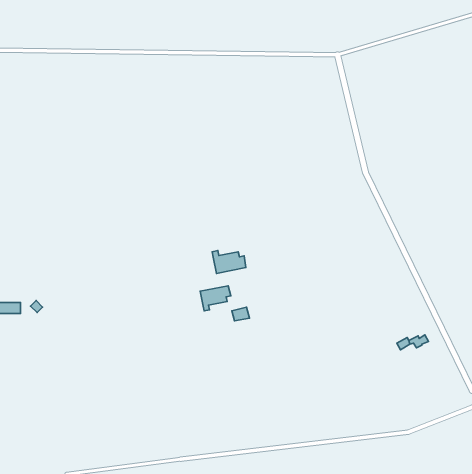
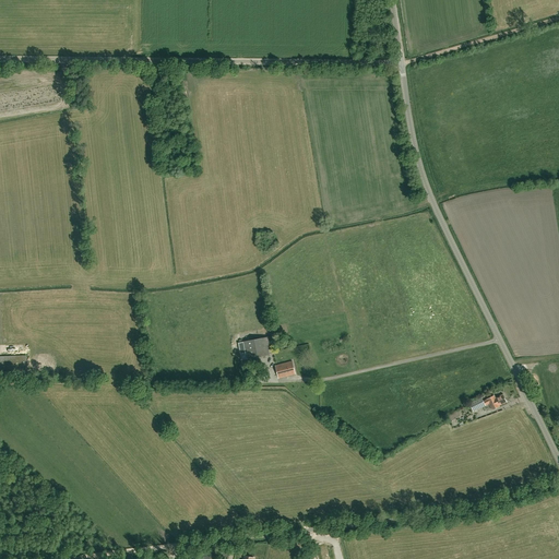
building: [212,251,246,273] -> none

